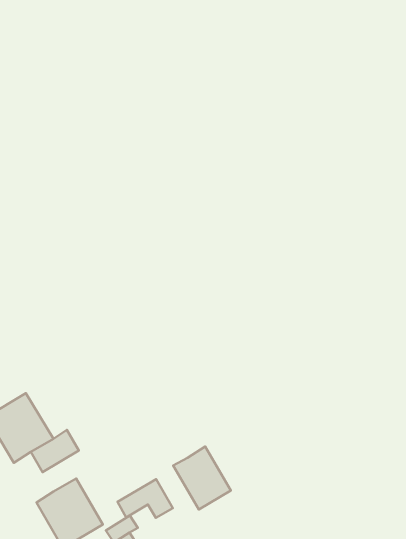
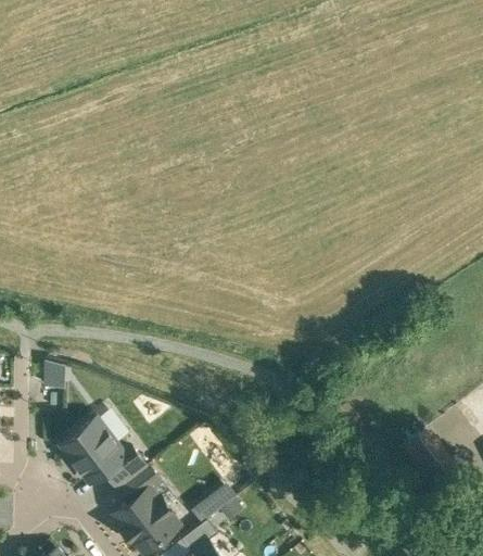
building: [173,447,231,510] -> none
building: none -> [116,464,162,505]

